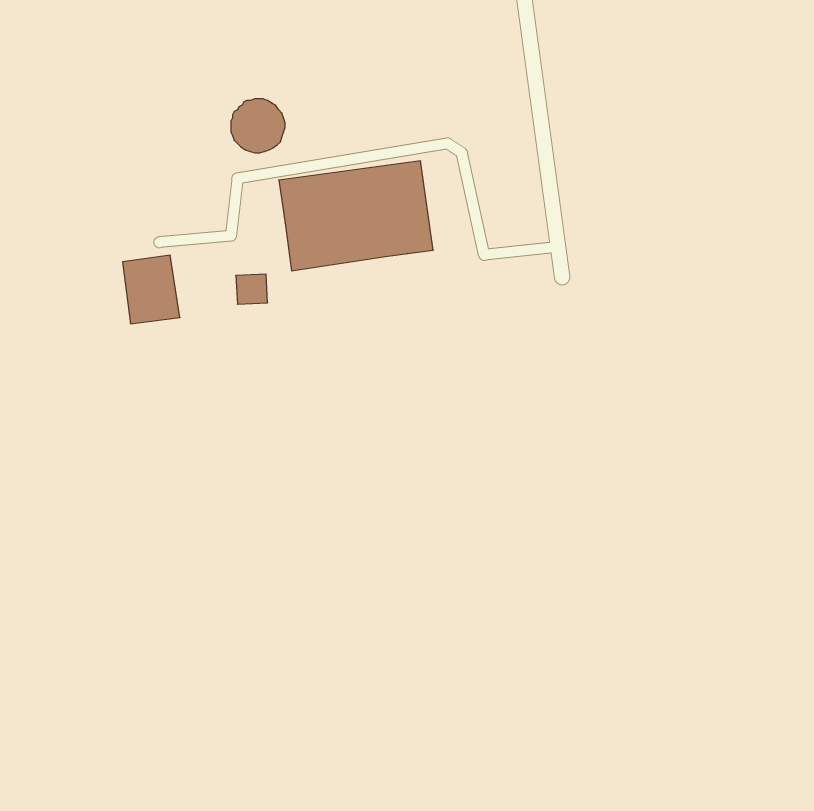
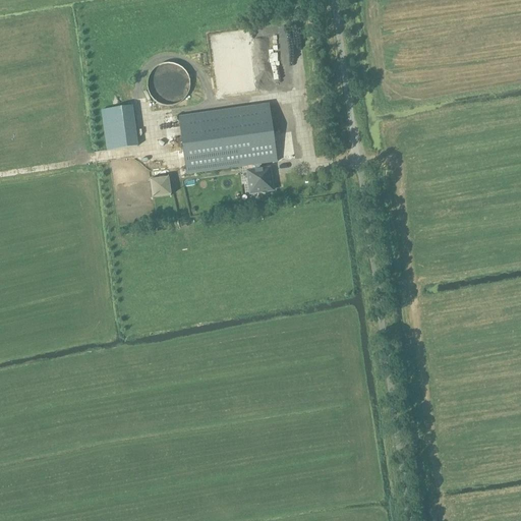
building: none -> [246,162,272,190]
building: [123,255,180,324] -> [101,105,137,149]

